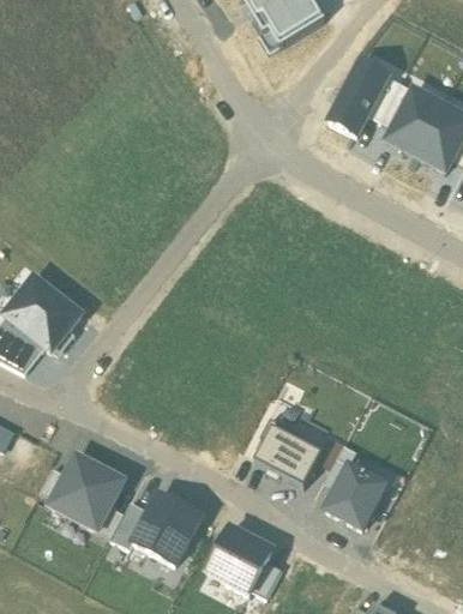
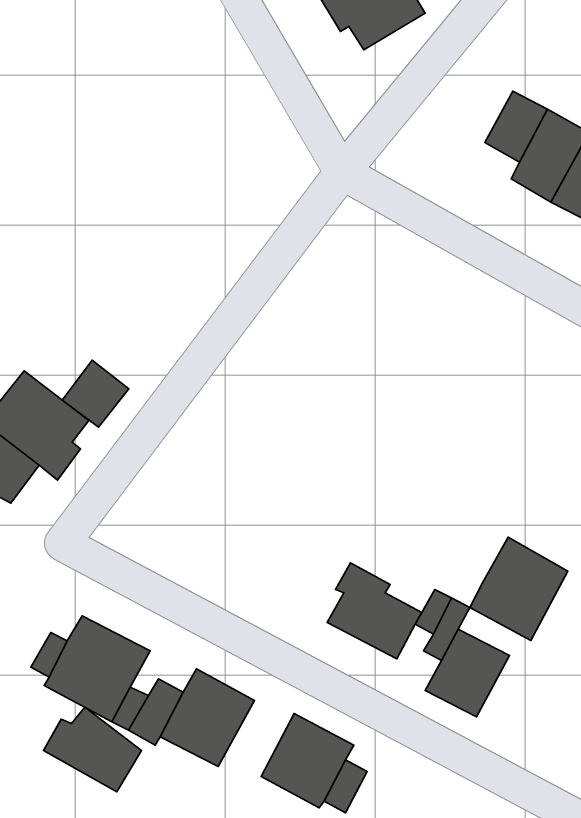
building: [329,61,389,132] -> none
building: none -> [62,360,129,427]
building: none -> [470,537,568,641]
building: none -> [43,707,141,792]

